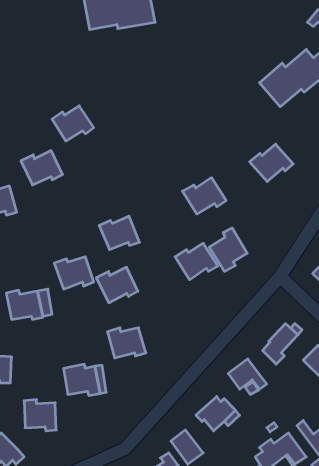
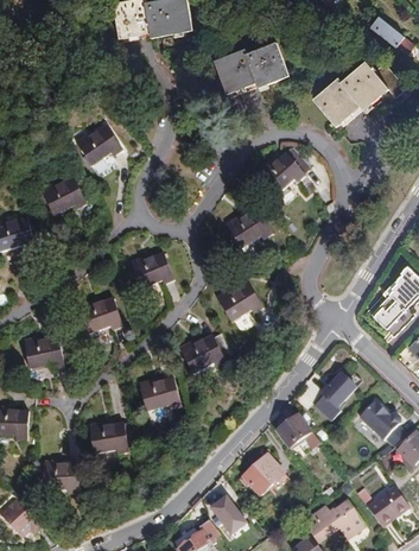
building: none -> [212,40,288,94]
building: [250,144,293,182] -> [259,146,309,189]
building: [209,228,247,271] -> none
building: [96,267,138,303] -> [178,335,226,375]

